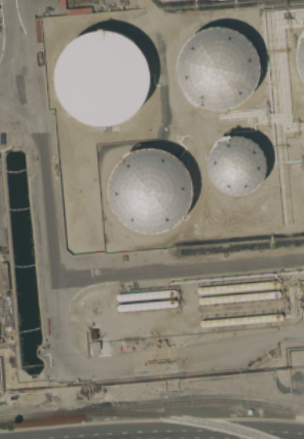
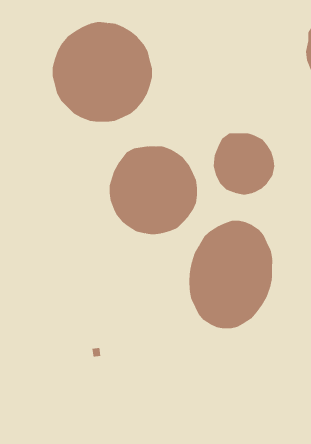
building: [177,27,260,111] -> none
building: none -> [189,220,273,329]

